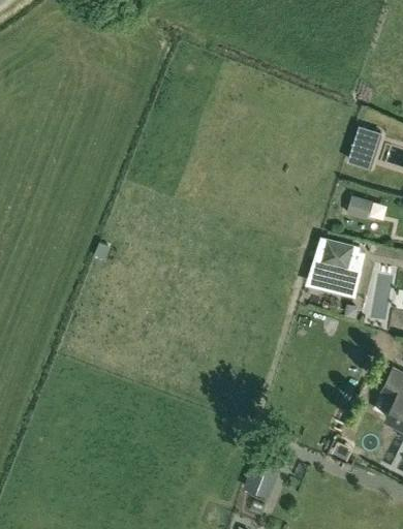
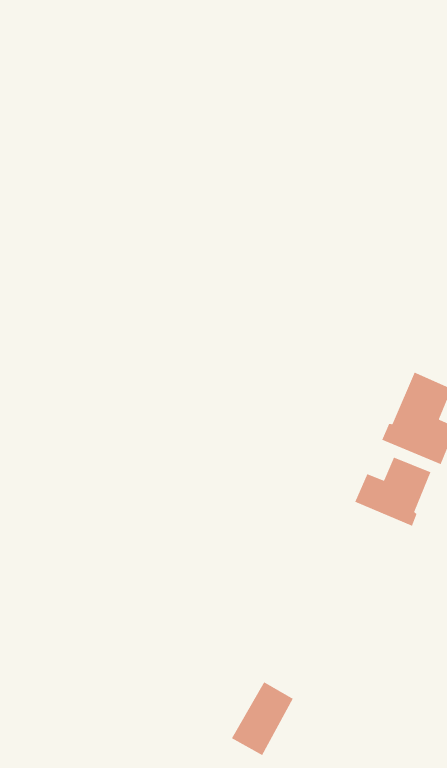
building: none -> [354,457,431,527]

